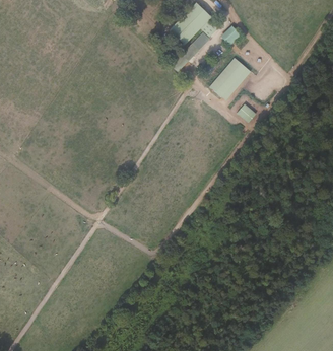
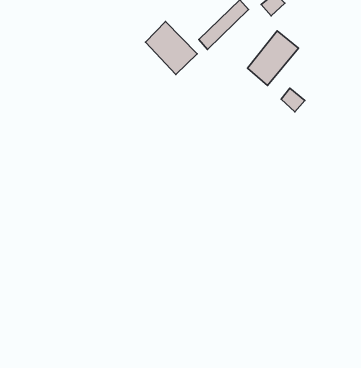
building: none -> [145,22,197,74]

